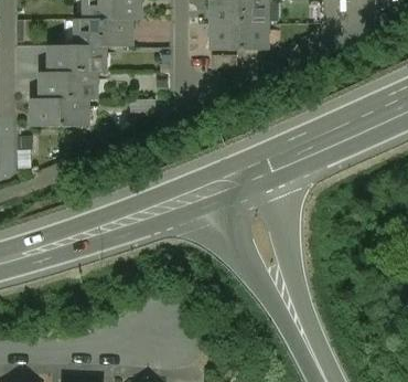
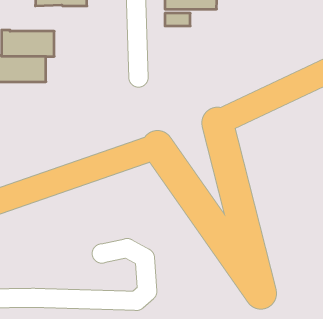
building: [49,45,104,73] -> none

